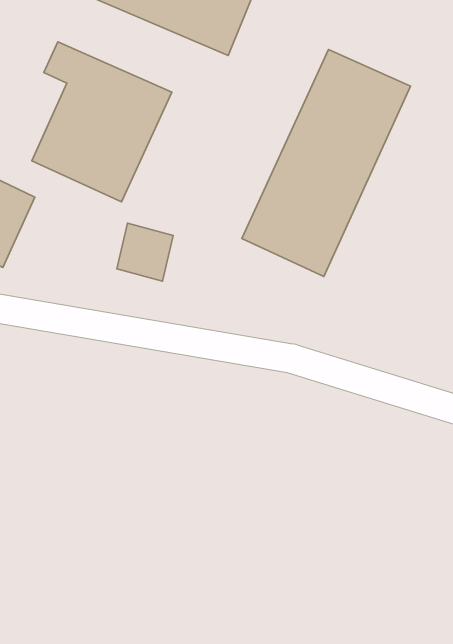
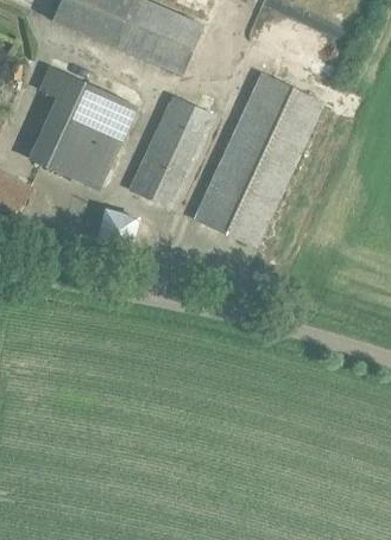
building: none -> [127,94,215,210]

